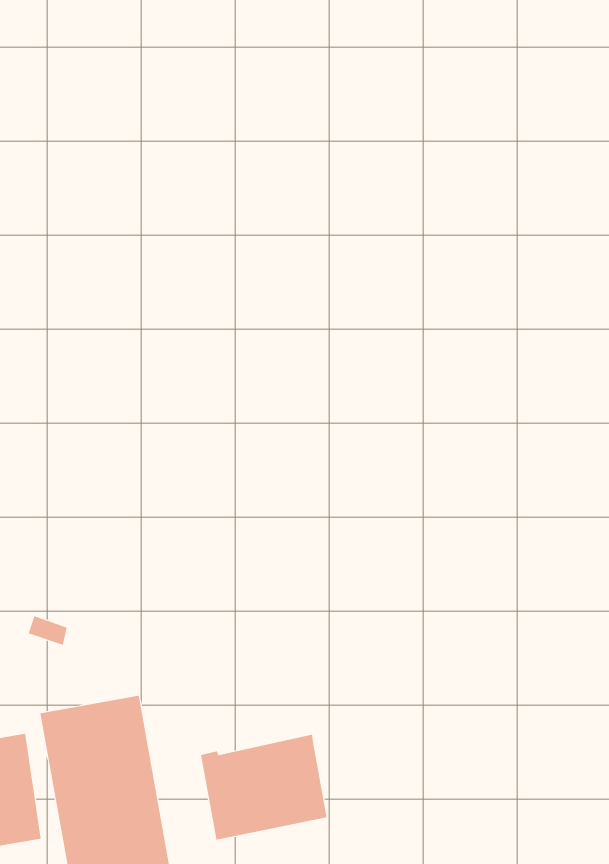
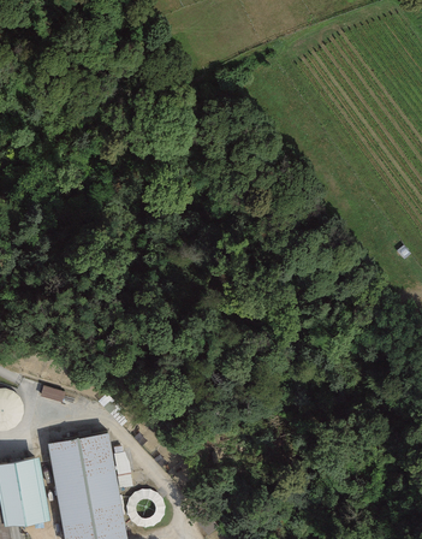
building: [201,734,327,841] -> none

